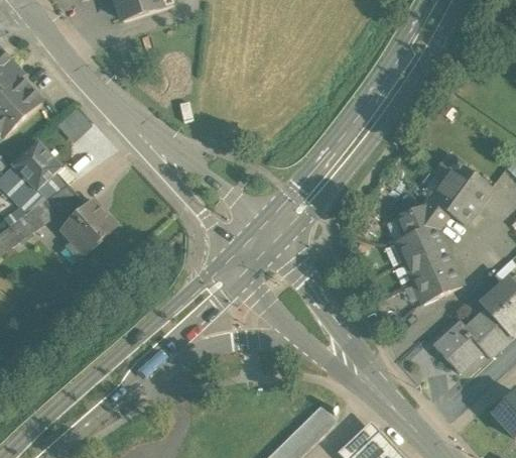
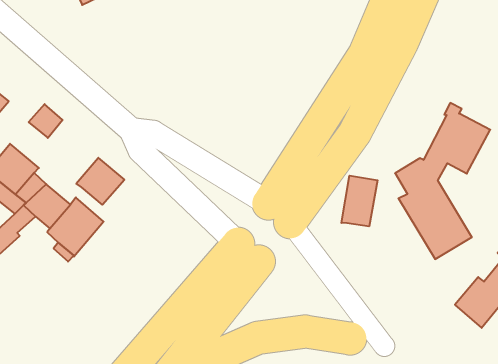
building: none -> [76,158,124,205]
building: none -> [341,176,378,226]

